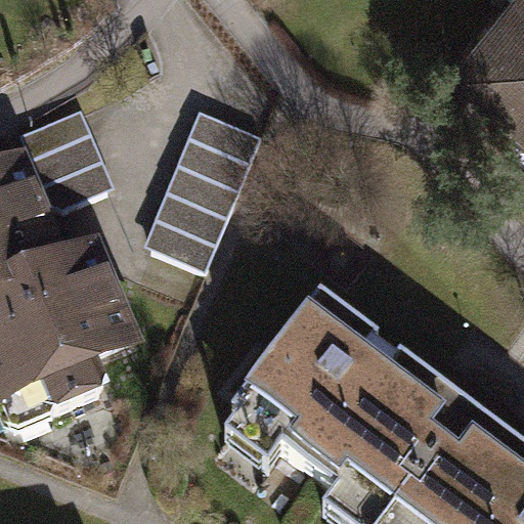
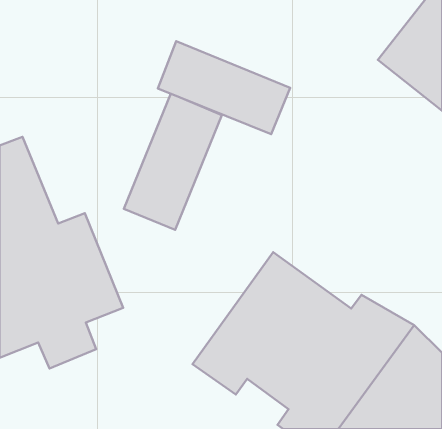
building: none -> [158,41,290,134]
building: [21,112,112,213] -> none

